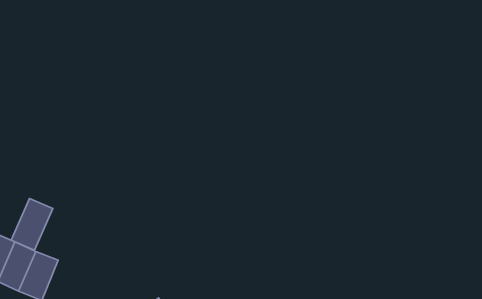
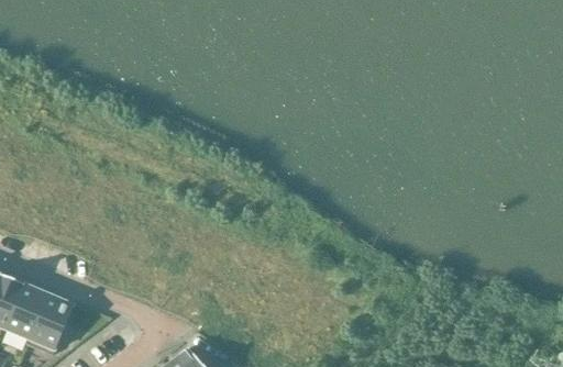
building: [11,198,53,250] -> none

